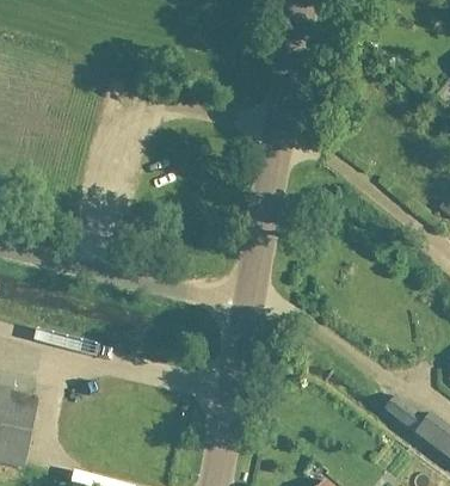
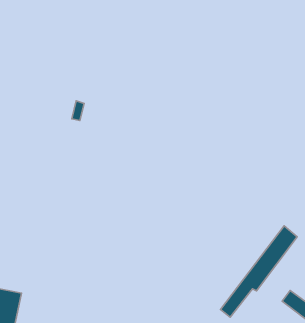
building: none -> [220,226,297,317]

